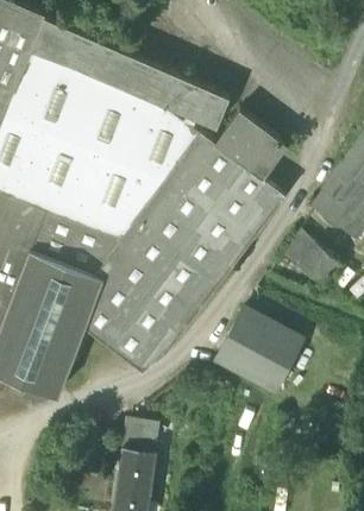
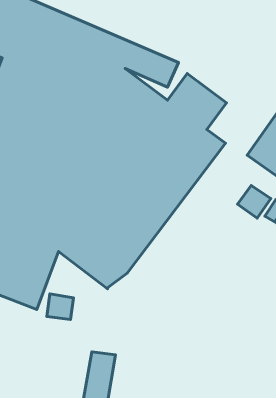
building: [280,231,316,269] -> none
building: [215,310,301,392] -> none
building: [124,419,156,450] -> [47,294,73,320]

